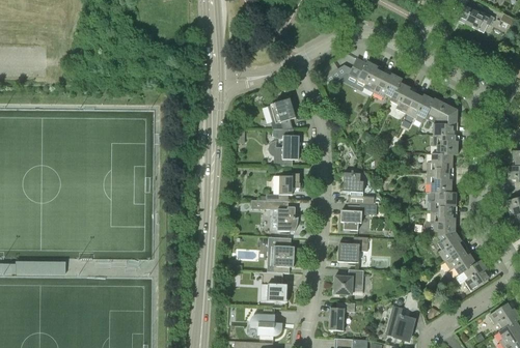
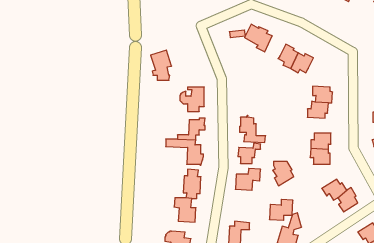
building: [374,72,402,97] -> none
building: [270,98,296,136] -> [151,50,172,80]
building: [428,98,457,136] -> none
building: [427,173,451,193] -> none
building: [437,231,463,261] -> [273,161,294,186]
building: [334,269,363,295] -> [269,199,293,220]

